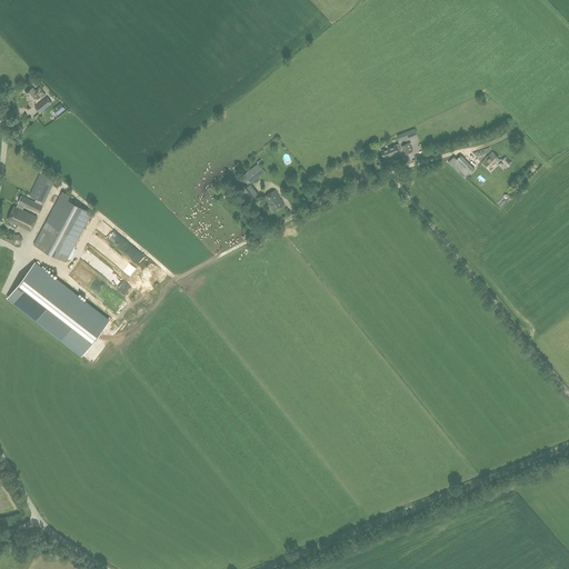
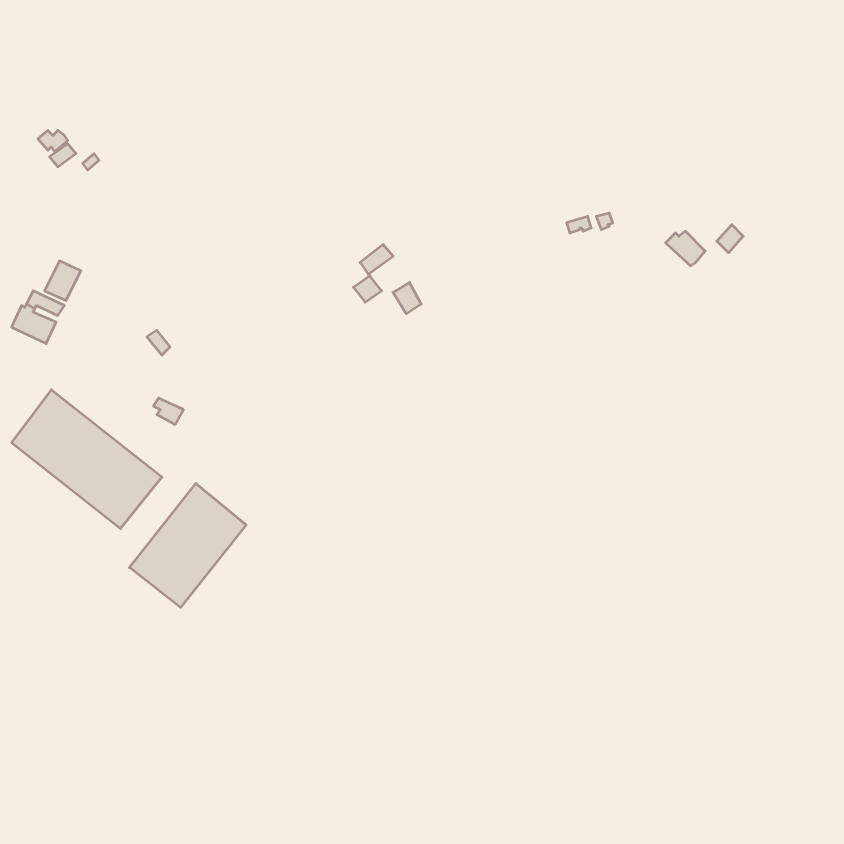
building: [34,196,91,262] -> none
building: none -> [129,483,246,607]

